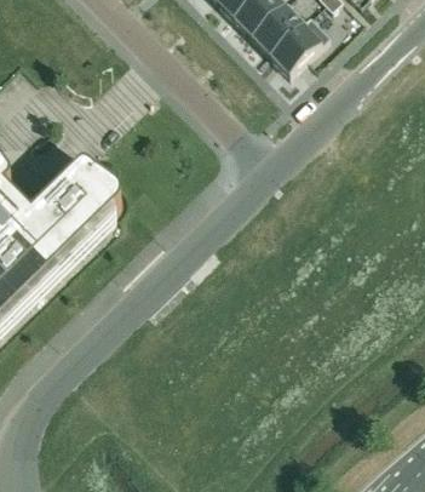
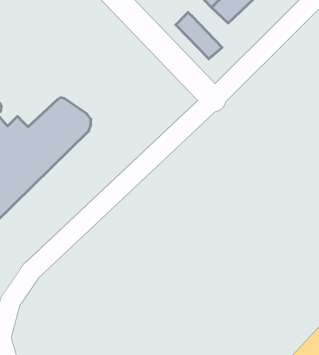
building: none -> [176,12,222,59]

